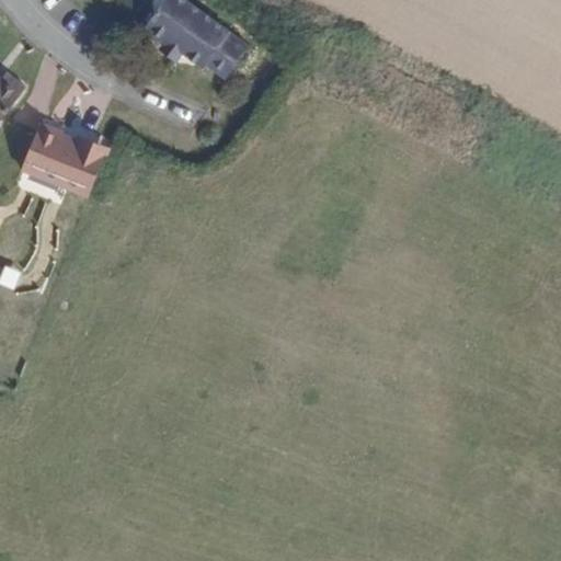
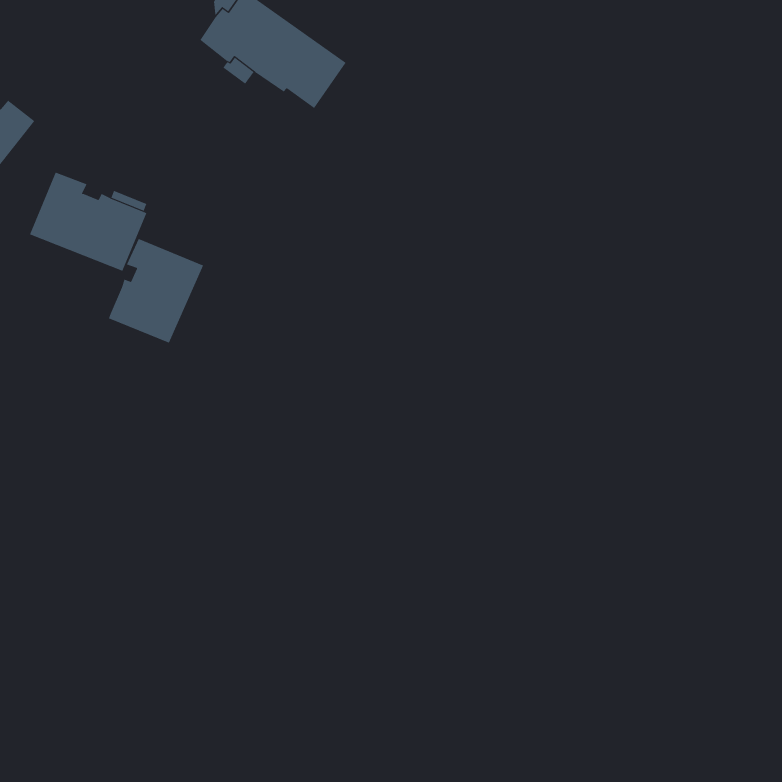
building: none -> [108,238,204,344]

